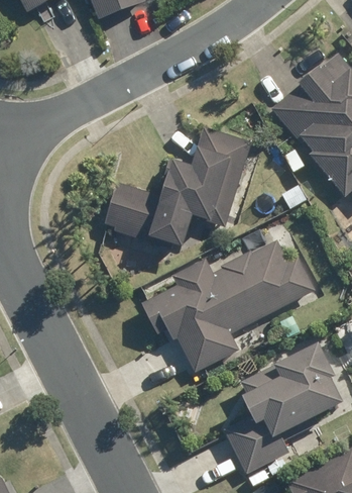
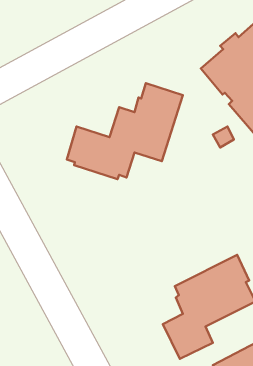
building: [142,242,315,372] -> none

